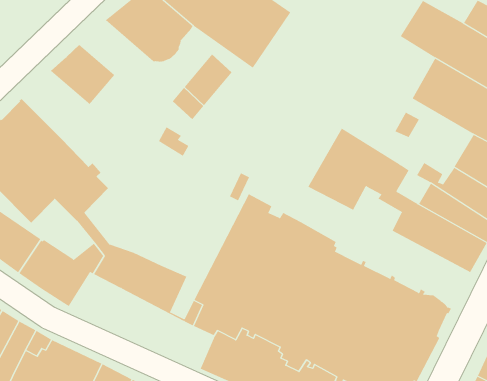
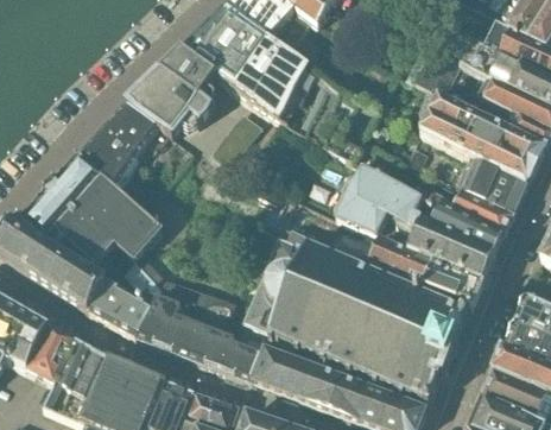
building: none -> [126,80,191,135]
building: none -> [80,127,139,185]
building: none -> [330,233,481,302]
building: none -> [133,301,261,378]

